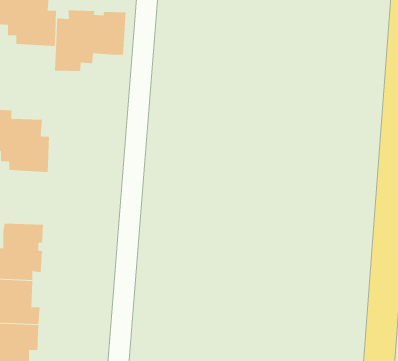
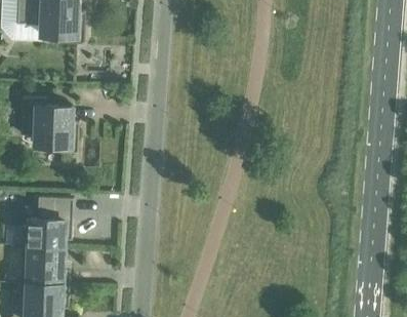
building: [55,9,126,72] -> none

